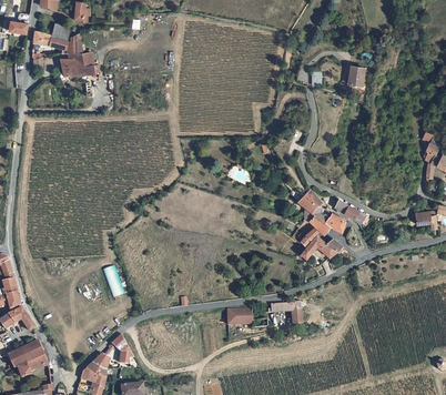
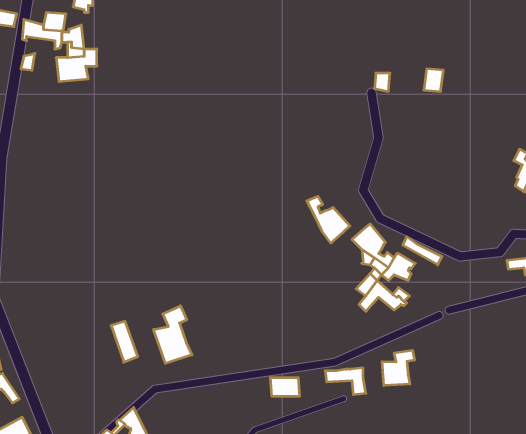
building: none -> [307,196,350,243]
building: none -> [154,306,192,363]
building: none -> [382,350,414,386]

